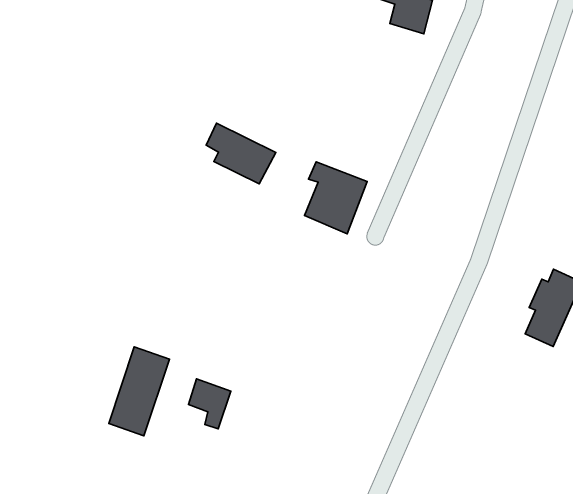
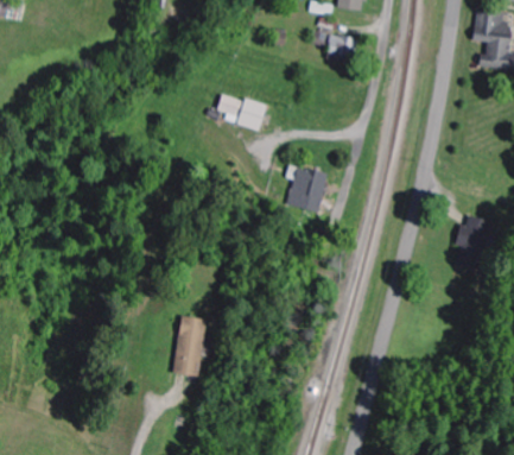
building: [206,123,276,184] -> [217,93,267,131]
building: [188,379,231,429] -> none

